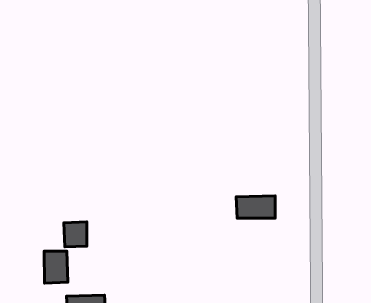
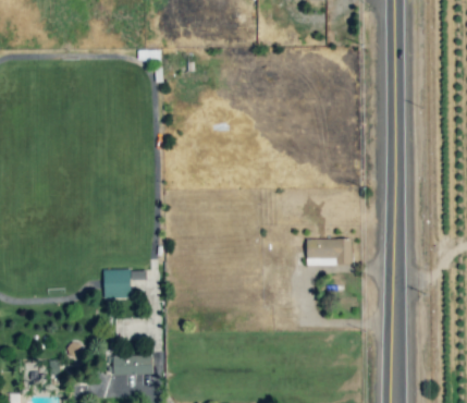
building: [44,251,68,283] -> none

